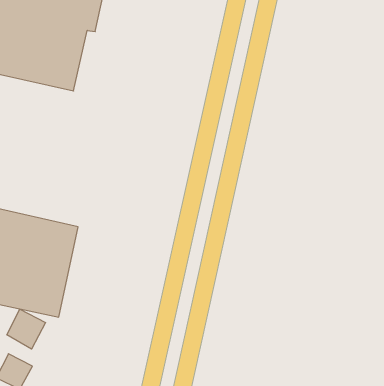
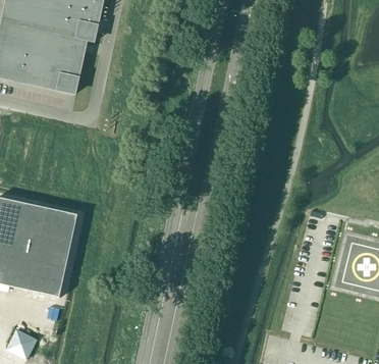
building: [7,309,46,349] -> none

